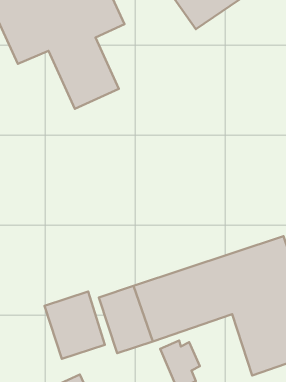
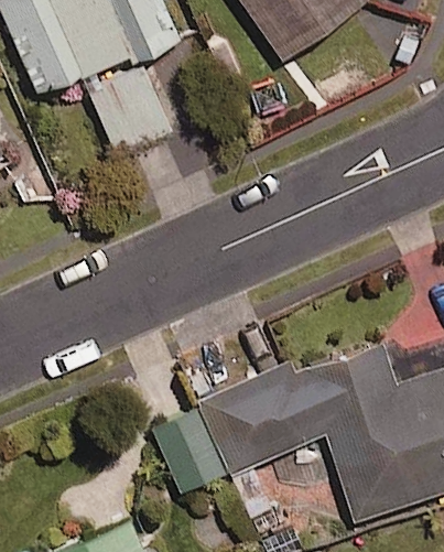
building: [45,292,105,359] -> none

